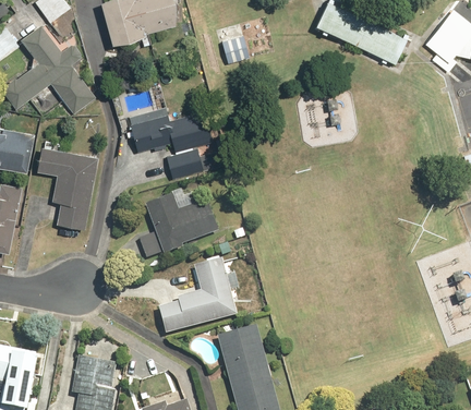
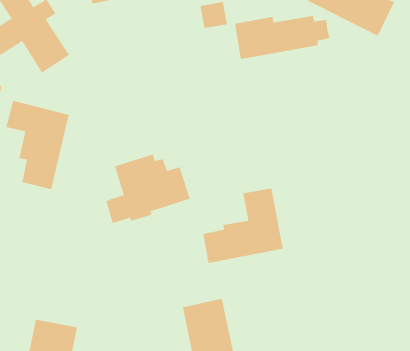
building: none -> [234,15,330,60]
building: [129,107,227,179] -> none
building: [154,262,232,338] -> [203,188,283,264]

